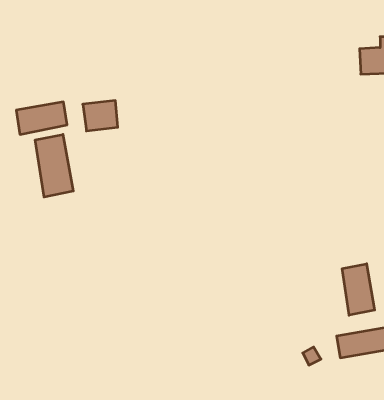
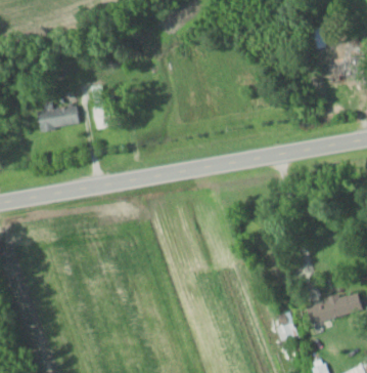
building: [35,134,73,197] -> none
building: [342,264,375,315] -> none

